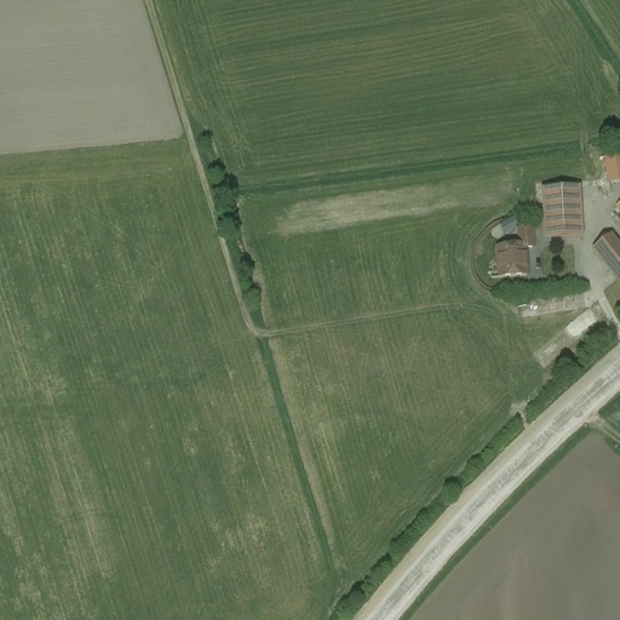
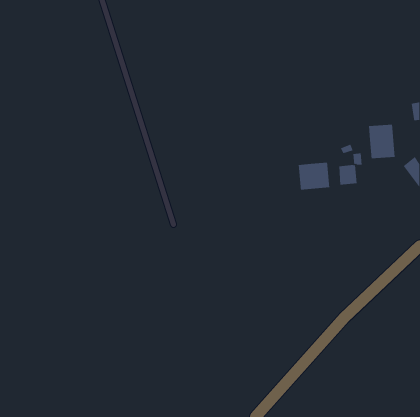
building: none -> [298,162,330,190]

